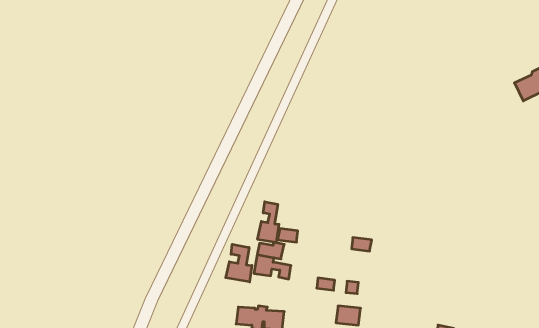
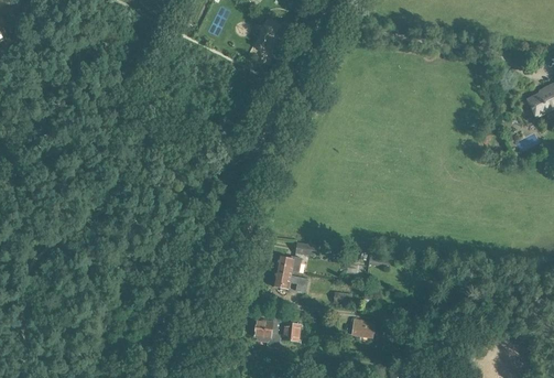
building: [258,202,279,243] -> none
building: [226,244,252,282] -> none

